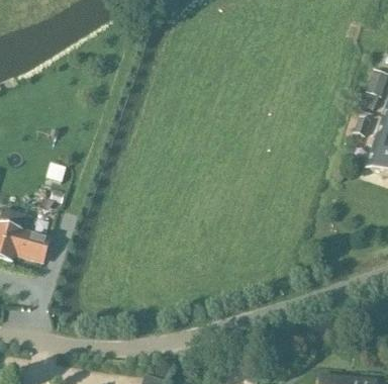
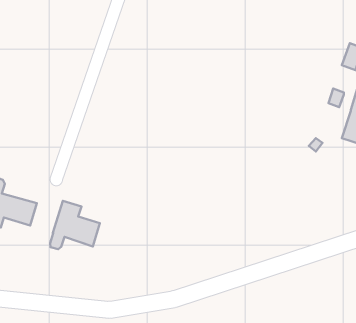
building: none -> [50,201,100,249]

